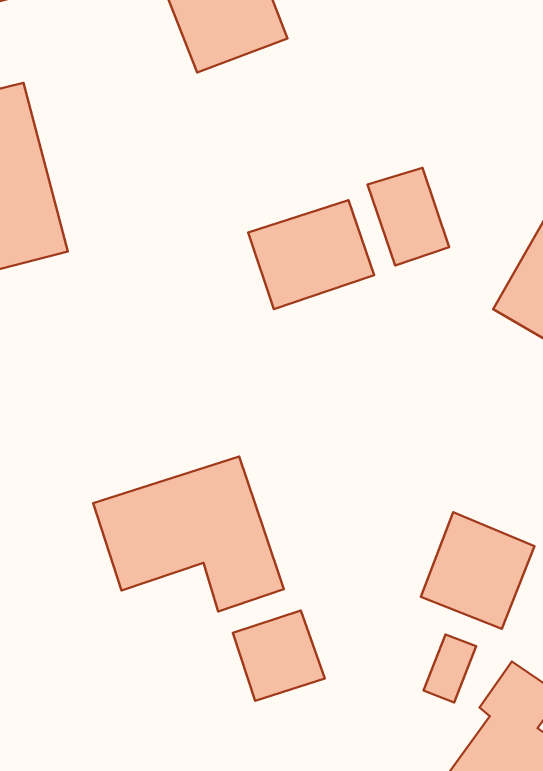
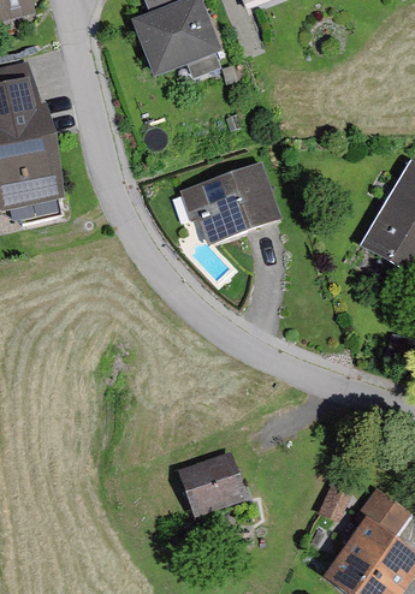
building: [367,168,449,265] -> none
building: [93,456,284,612] -> none
building: [421,512,534,629] -> none

